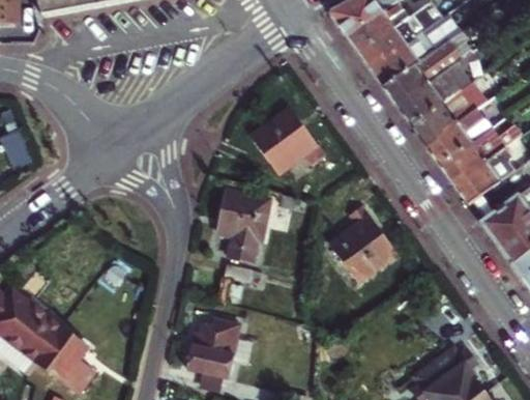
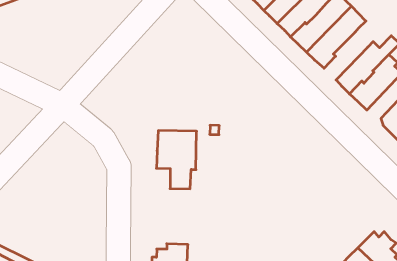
building: [251,106,324,170] -> none
building: [429,109,490,164] -> none
building: [328,202,394,280] -> none

